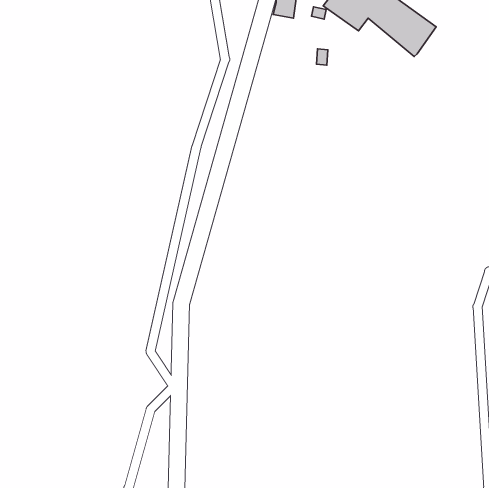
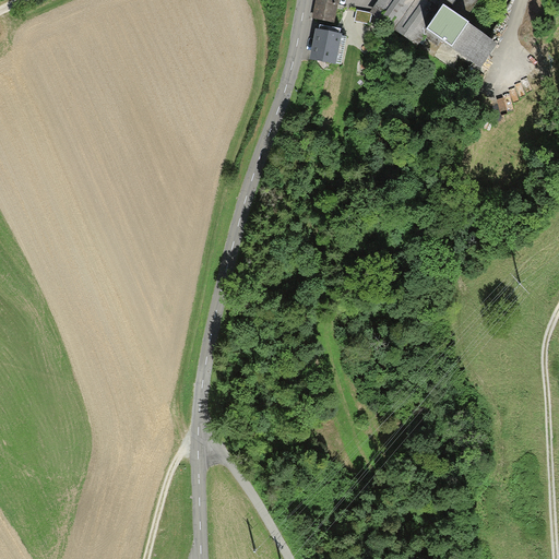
building: none -> [309,24,342,64]

